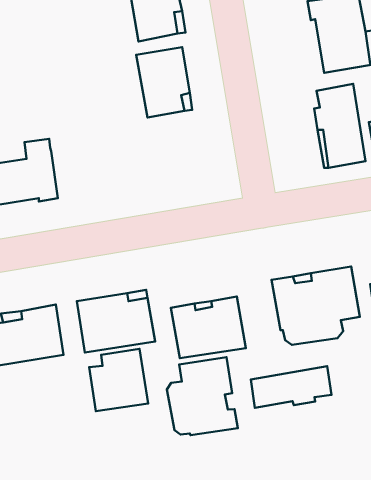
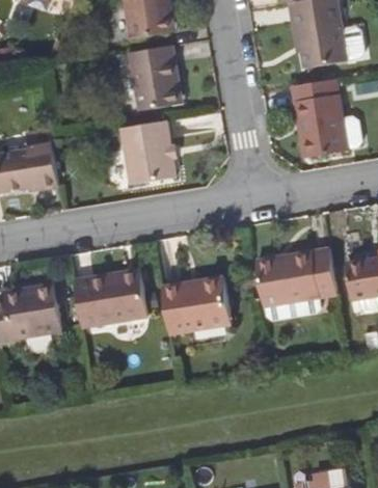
building: none -> [122,119,174,184]
building: [89,349,148,411] -> none
building: [167,357,238,435] -> none
building: [251,366,331,408] -> none

